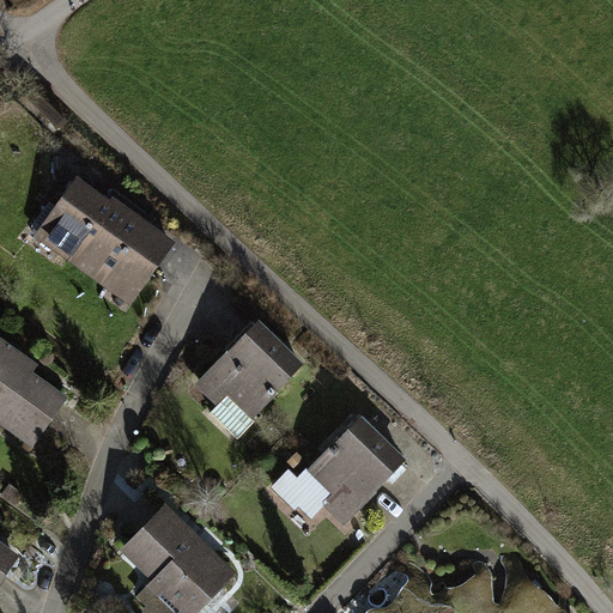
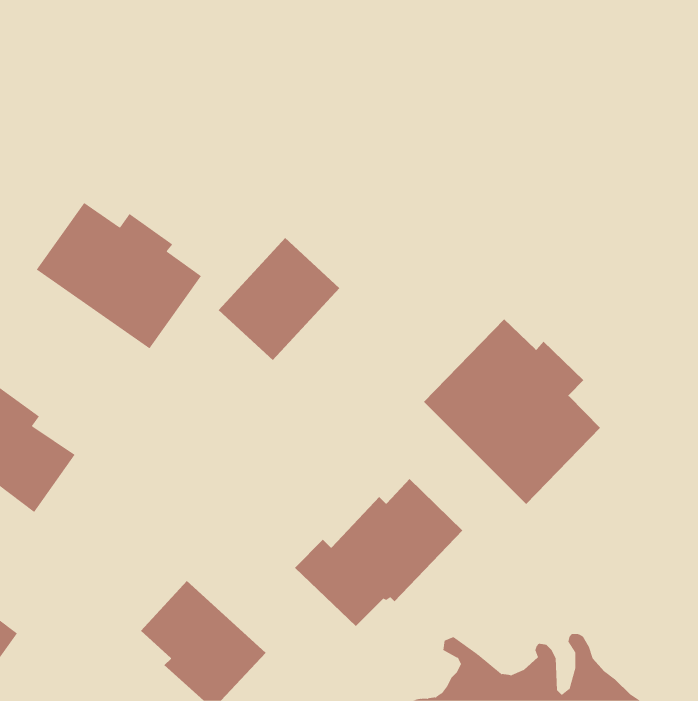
building: none -> [423,319,601,505]
building: [196,320,303,427] -> [218,237,340,361]

